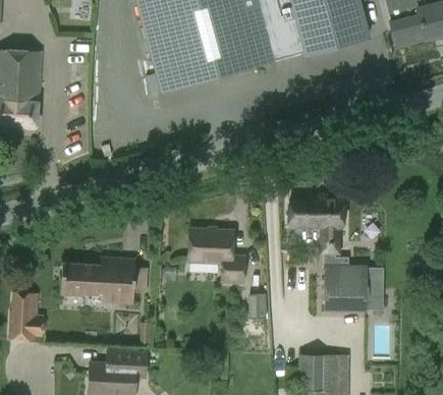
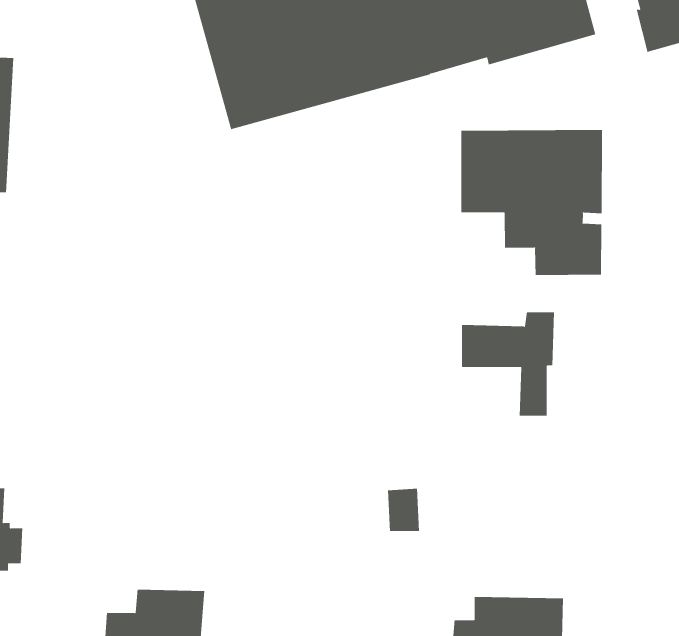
building: none -> [461,129,602,276]
building: [189,228,245,283] -> none
building: [62,257,136,303] -> none
building: [329,257,389,309] -> none

